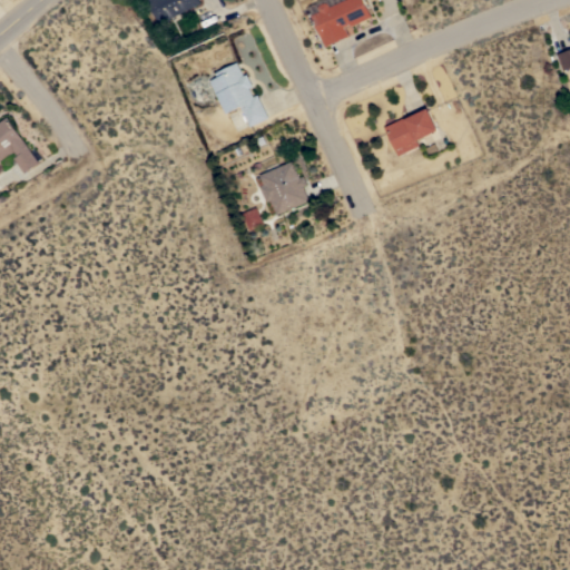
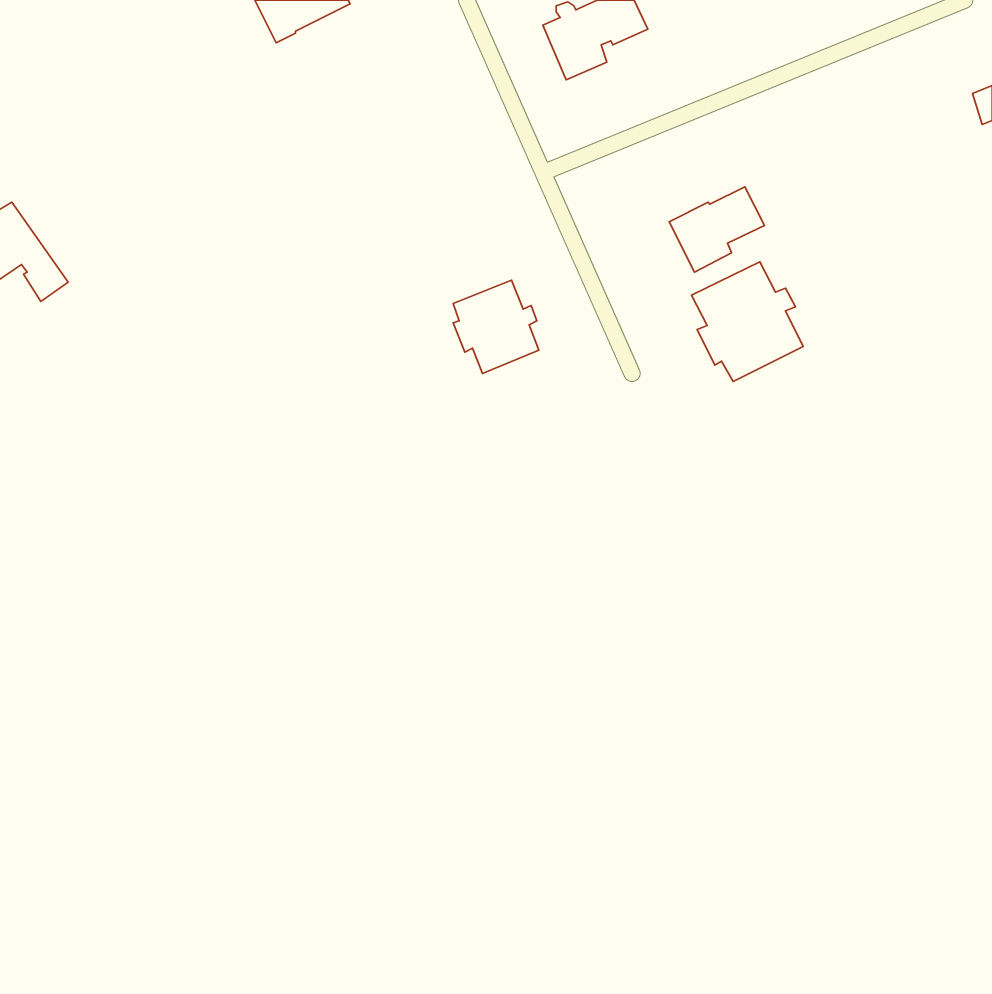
building: [209,61,268,127] -> none
building: none -> [691,262,803,381]

